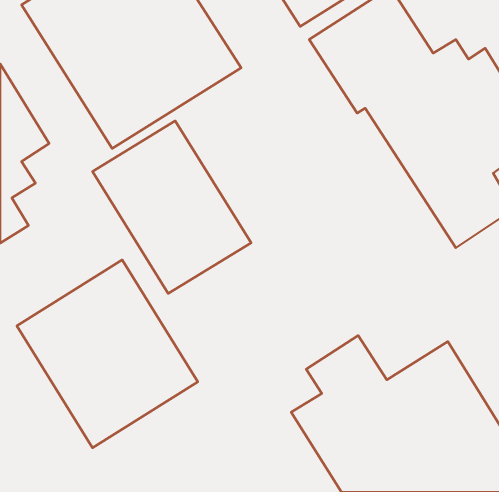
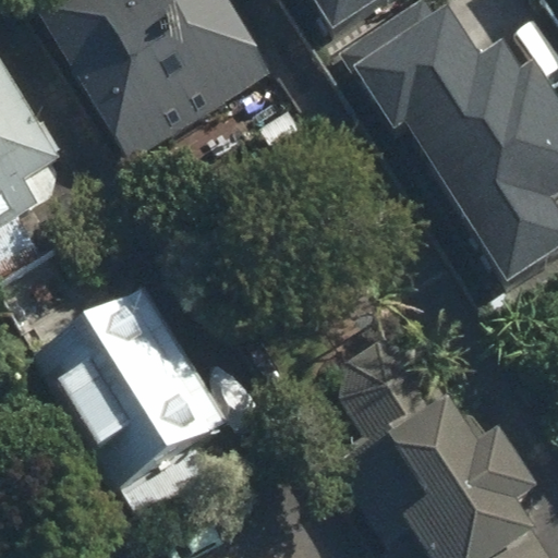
building: [92,121,251,294] -> none

